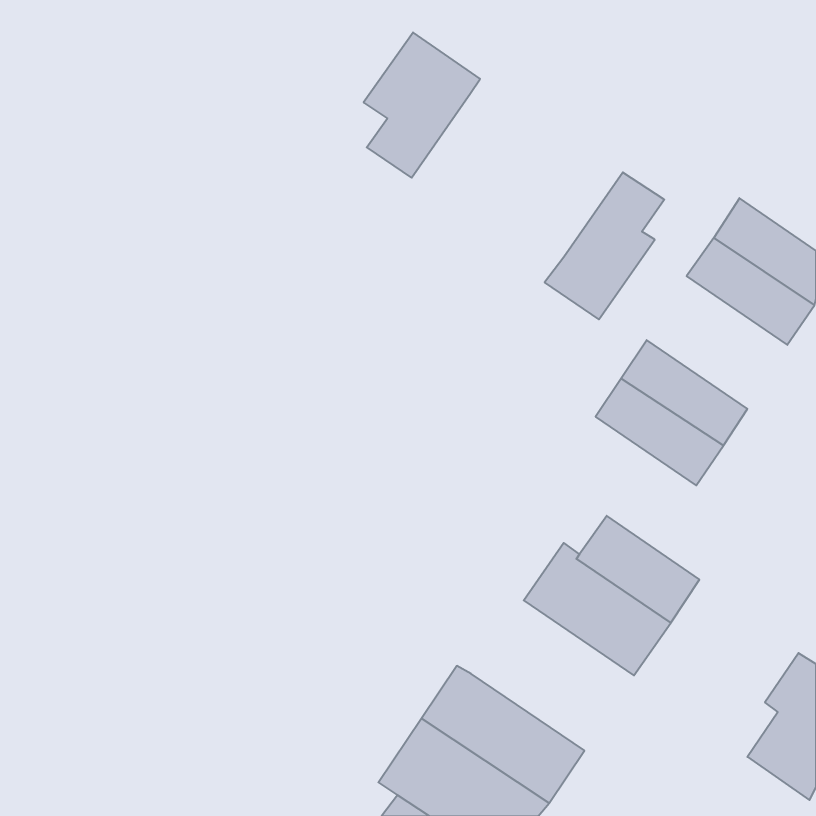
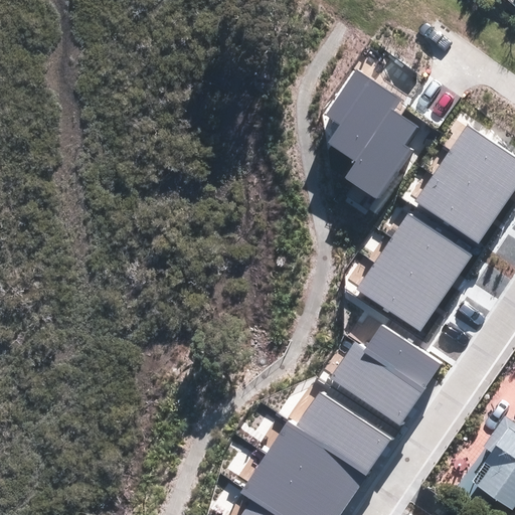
building: [364,32,480,178] -> [325,70,398,162]
building: none -> [414,174,496,243]
building: none -> [357,263,439,332]
building: none -> [297,392,390,473]

